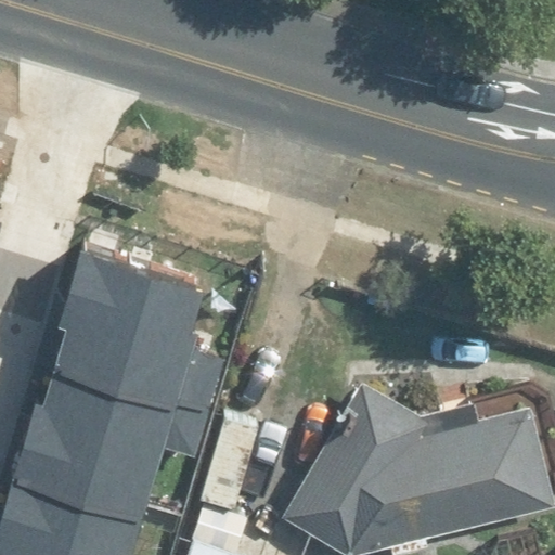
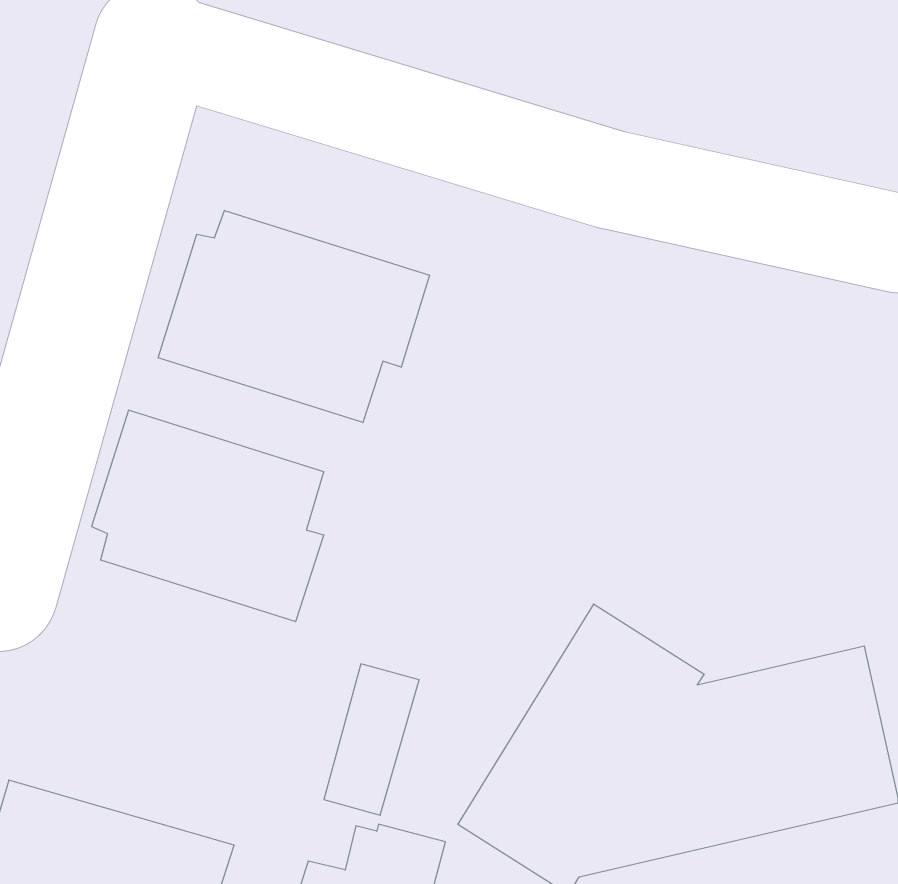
building: none -> [158,210,429,423]
building: [8,371,182,524] -> none

